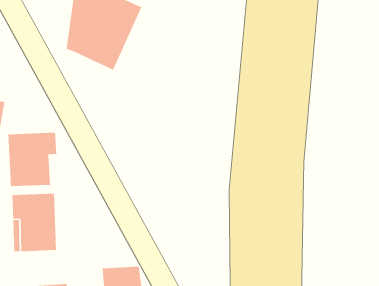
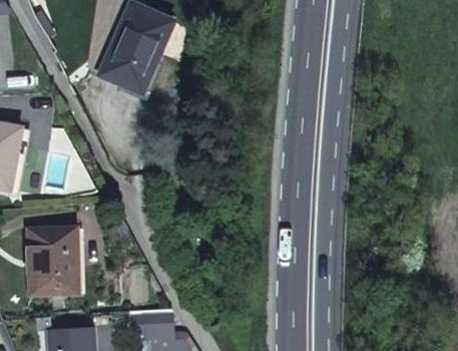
building: [8,132,57,187] -> none

